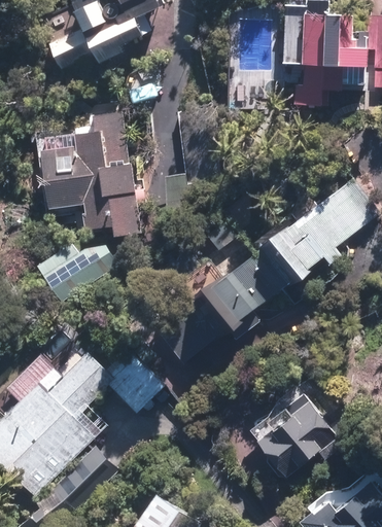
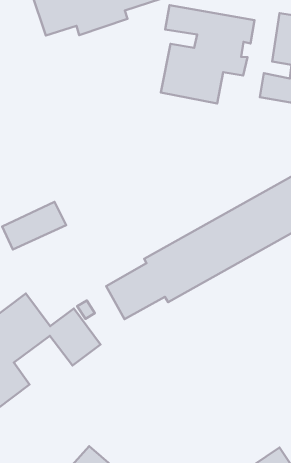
building: none -> [161,5,255,103]
building: [33,111,141,239] -> none
building: [247,385,347,484] -> none

